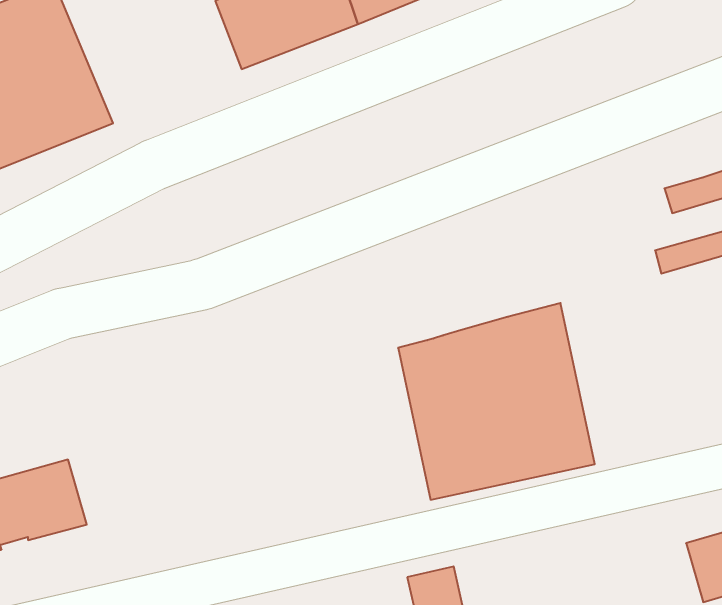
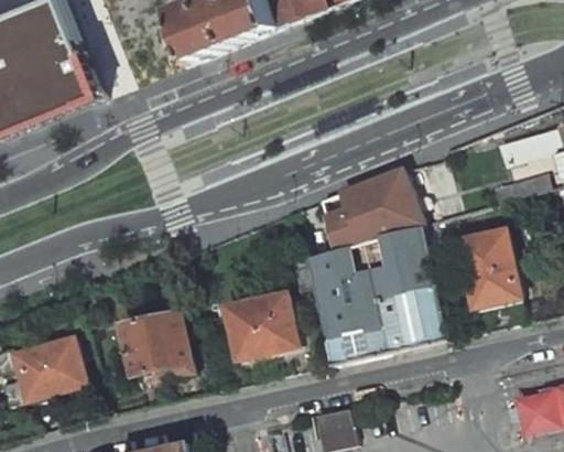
building: none -> [323,168,422,249]
building: none -> [457,227,518,301]
building: none -> [225,291,295,355]
building: none -> [120,309,192,375]

